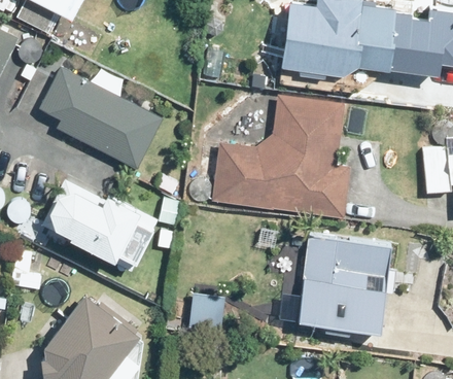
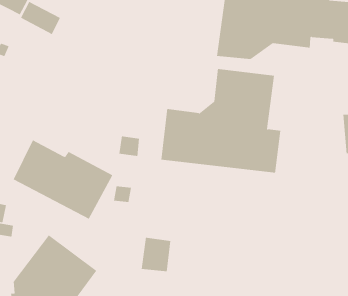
building: [43,73,167,176] -> none
building: [295,234,390,330] -> none

